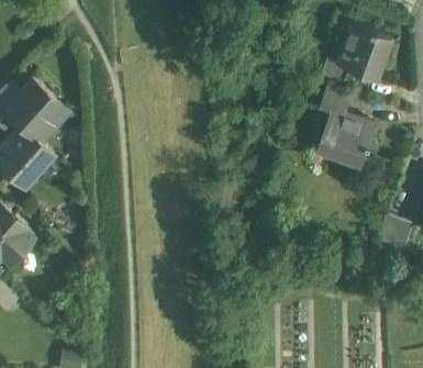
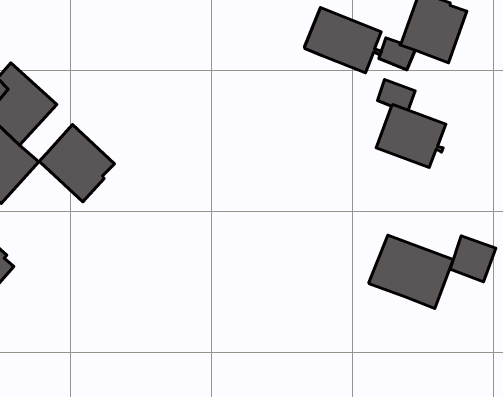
building: none -> [305,7,381,73]
building: none -> [39,124,115,202]
building: none -> [369,235,453,308]

